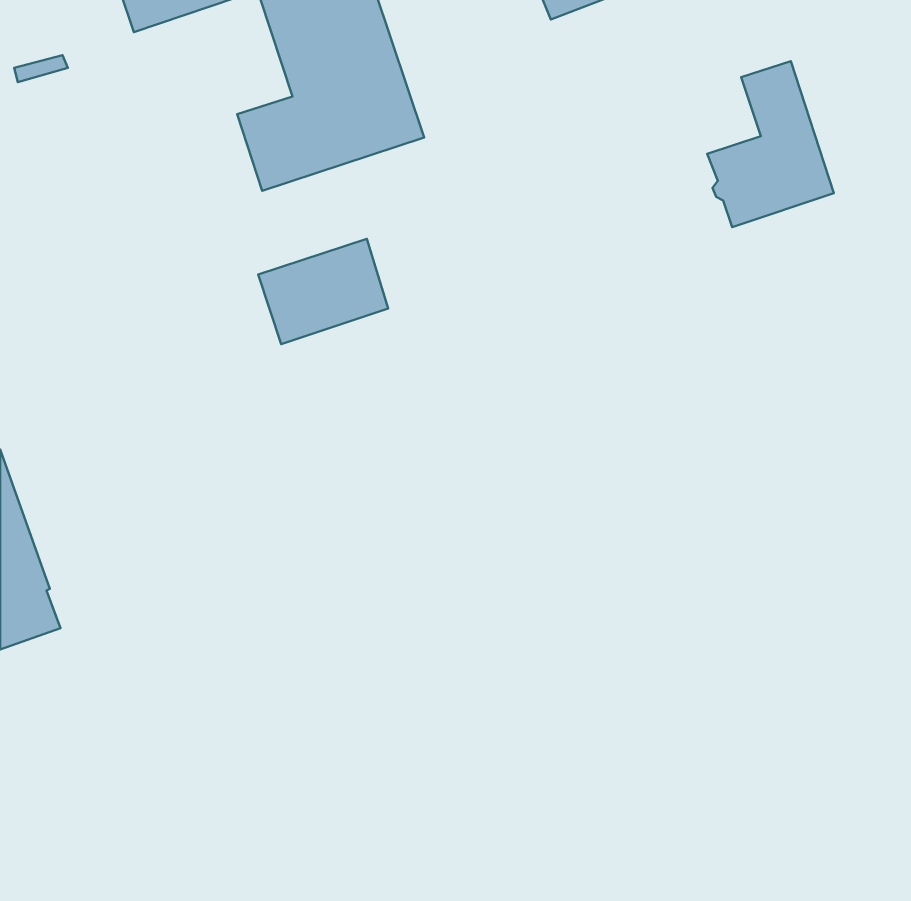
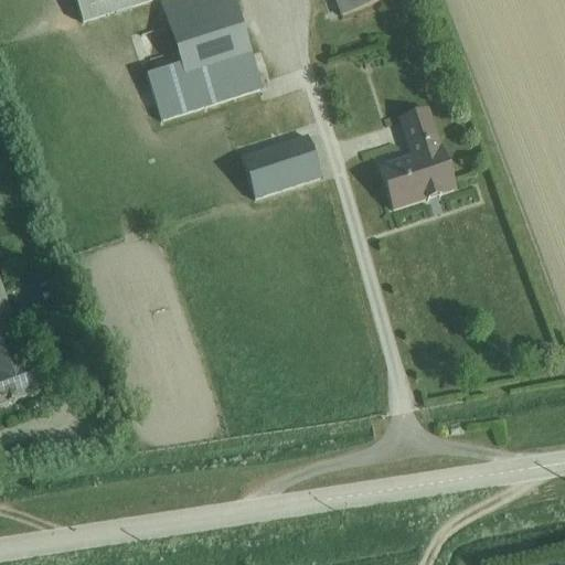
building: [707,61,834,227] -> [377,105,456,207]
building: [258,239,388,344] -> [241,131,321,196]

